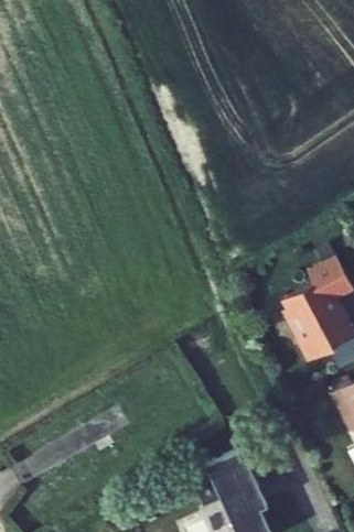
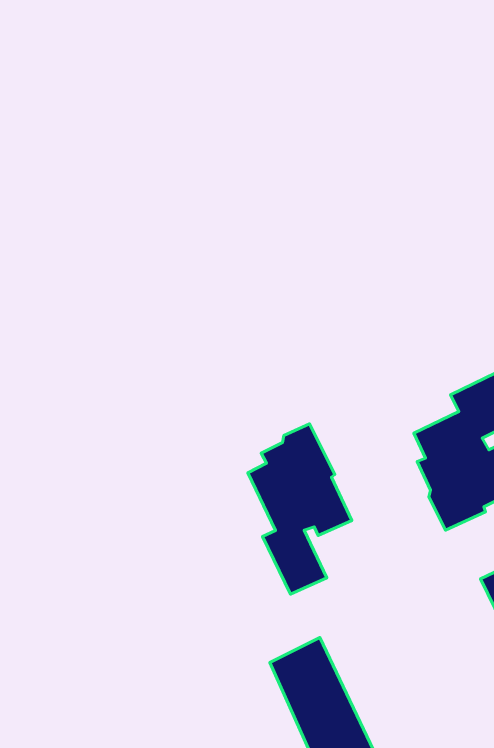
building: none -> [248,424,352,594]

